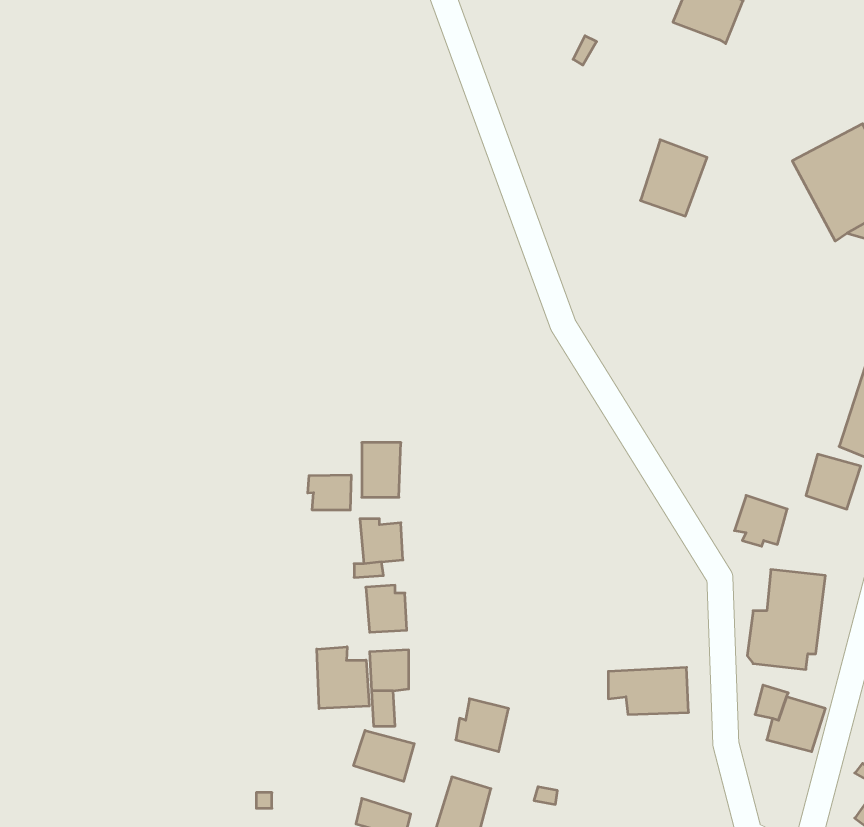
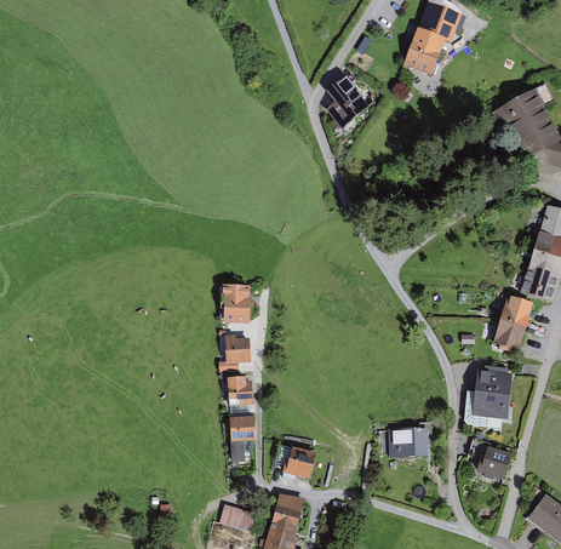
building: none -> [327,76,370,126]
building: [640,140,707,216] -> [406,27,447,74]
building: [308,475,351,510] -> none
building: [734,495,787,546] -> [493,320,526,351]
building: [317,647,369,709] -> none
building: [354,730,414,781] -> none

